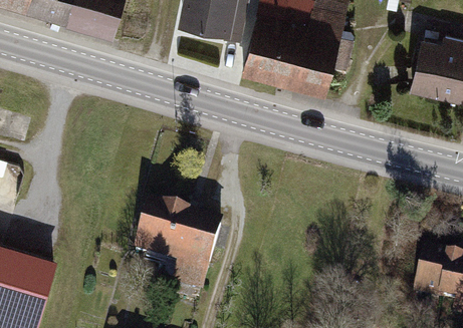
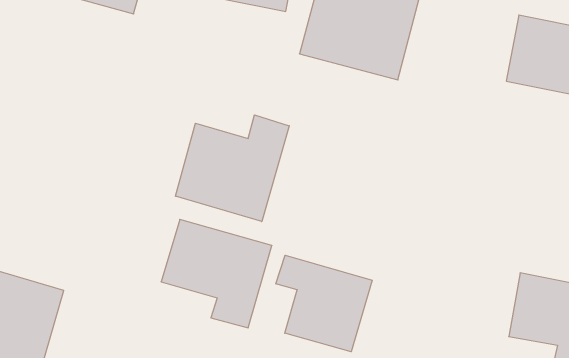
building: none -> [175,115,289,222]
building: none -> [276,255,372,352]

